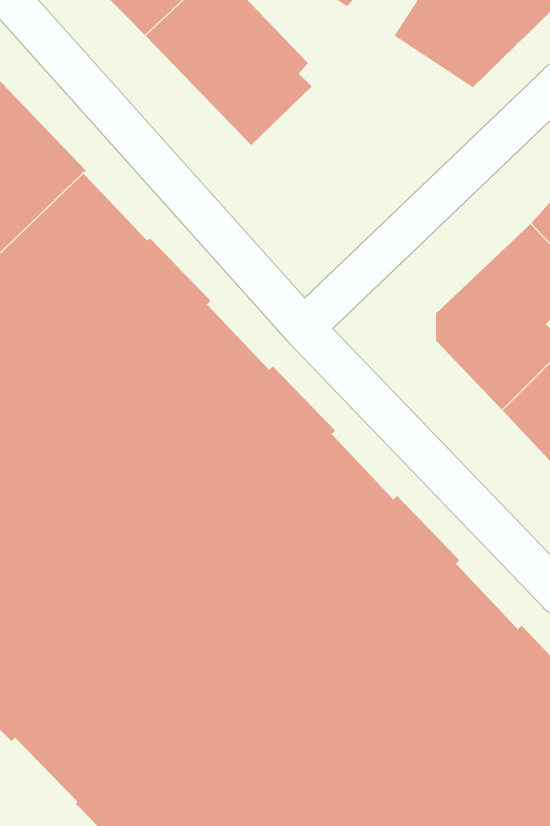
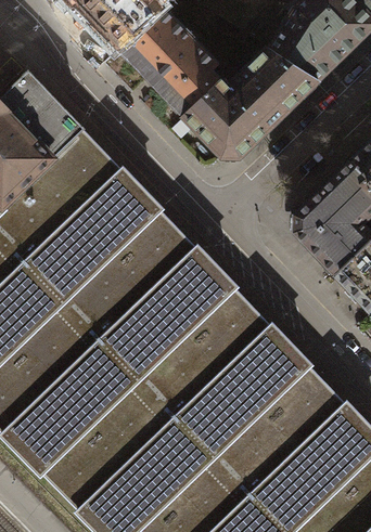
building: none -> [184,47,318,154]

